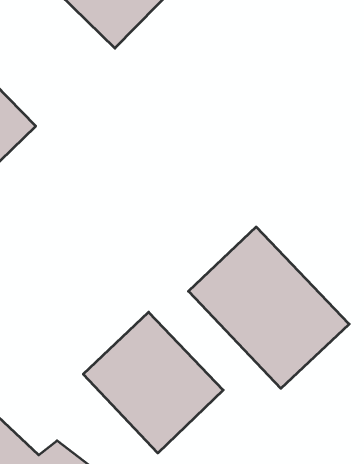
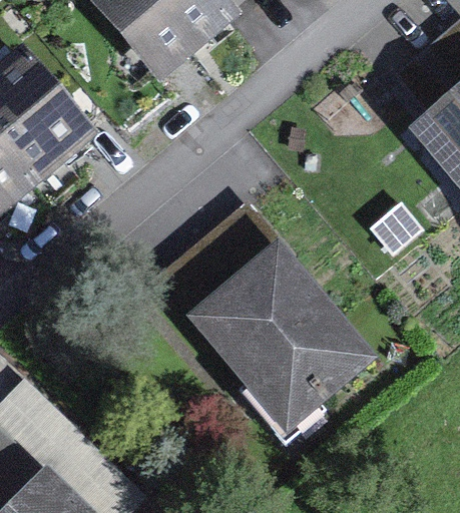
building: [83,312,223,453] -> none

